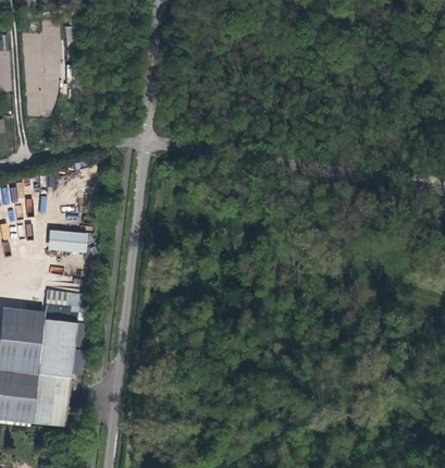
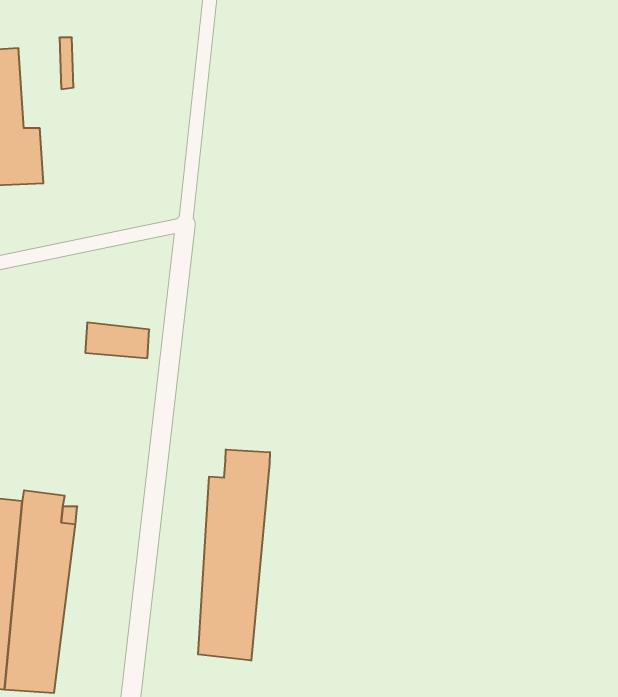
building: [47,232,86,254] -> [85,323,149,358]
building: none -> [198,449,270,661]

